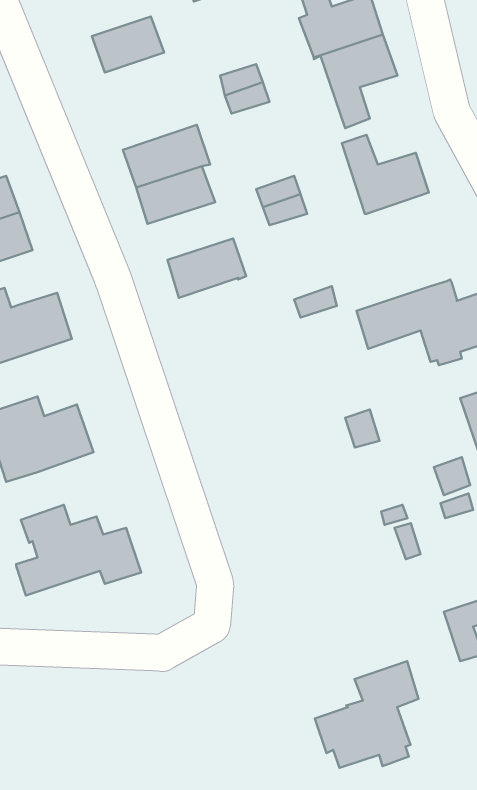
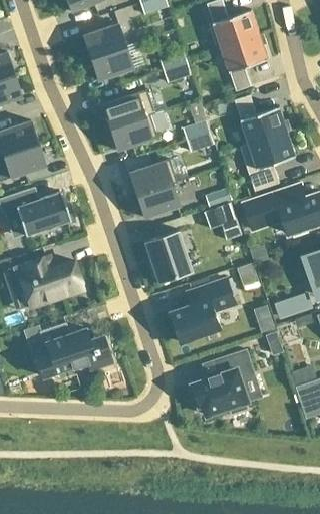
building: none -> [90,45,133,80]
building: none -> [240,131,296,191]
building: none -> [135,183,180,218]
building: none -> [203,201,245,239]
building: none -> [143,229,193,283]
building: none -> [169,278,236,341]
building: [315,661,419,768] -> [191,349,254,415]

